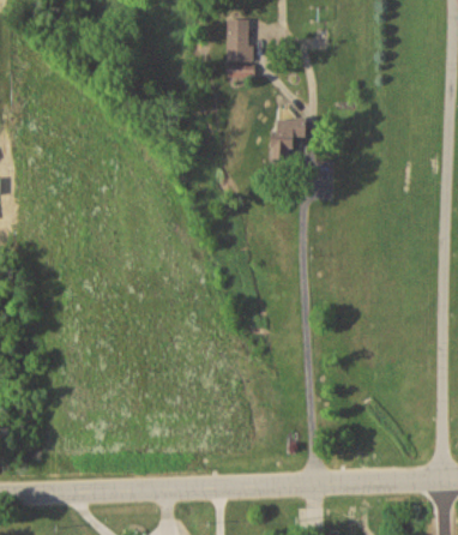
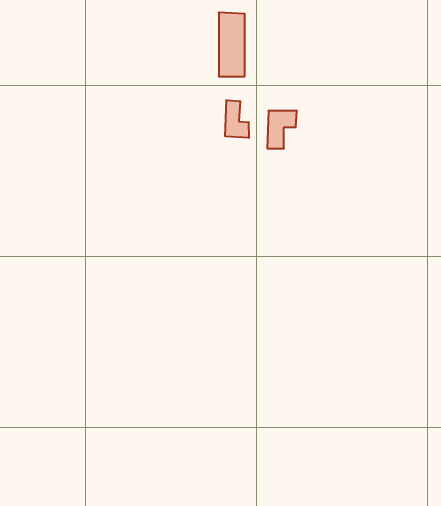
building: none -> [225,100,249,138]

